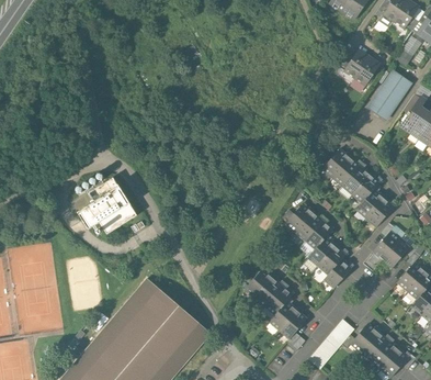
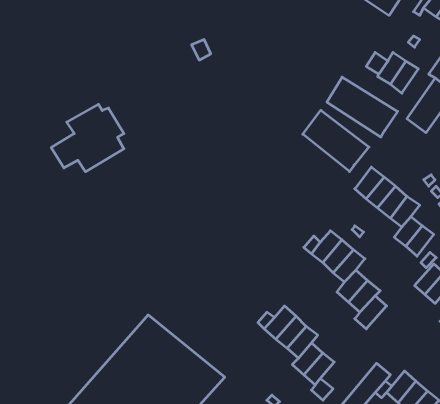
building: none -> [327,77,398,137]
building: none -> [303,110,369,172]
building: [80,175,143,233] -> [51,104,124,172]

